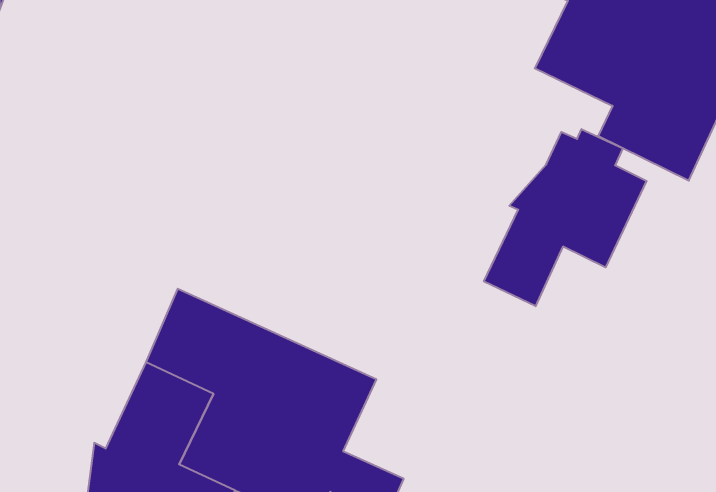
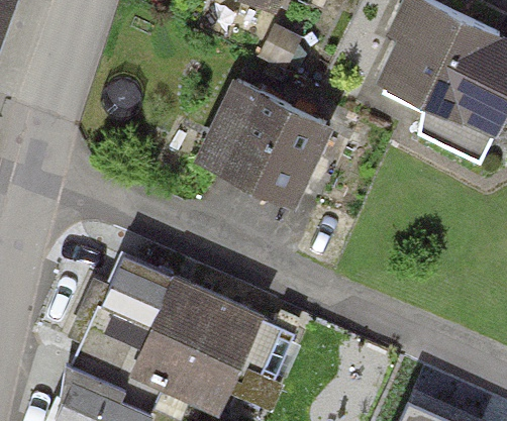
building: none -> [192,80,333,213]
building: [484,129,647,306] -> none

